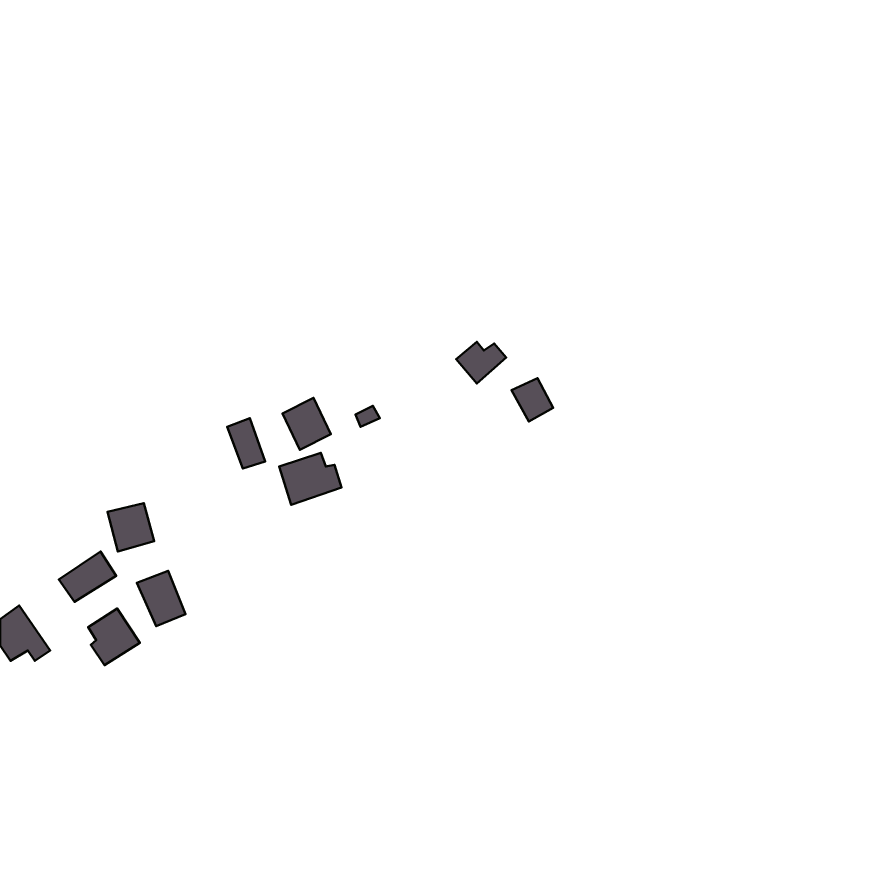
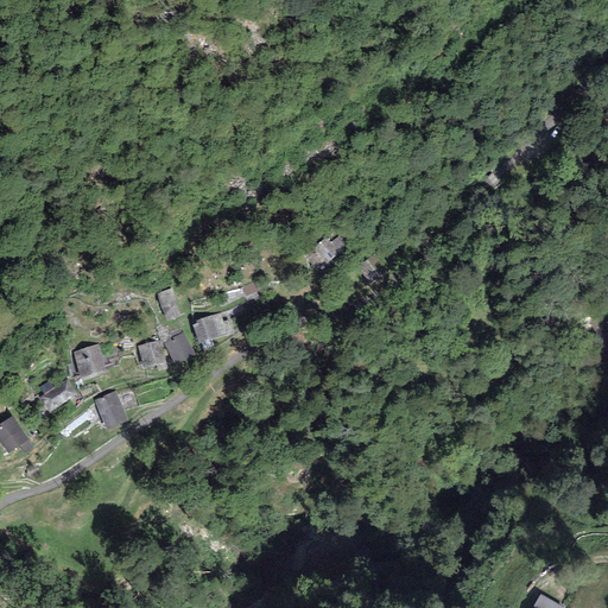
building: [282,398,331,450] -> [163,329,196,365]
building: none -> [138,341,163,368]
building: [88,608,140,665] -> none

